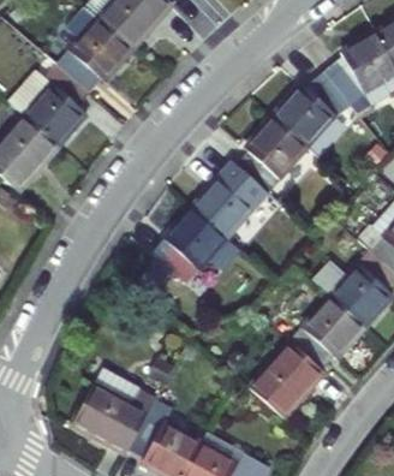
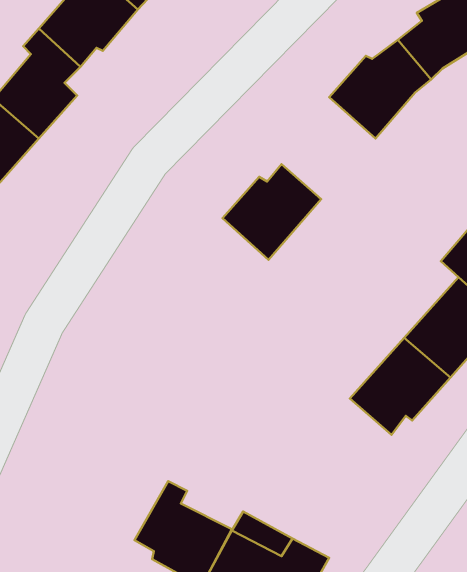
building: [239,114,310,191] -> none
building: [138,206,243,297] -> none
building: [251,341,326,418] -> none
building: [72,365,157,454] -> none

